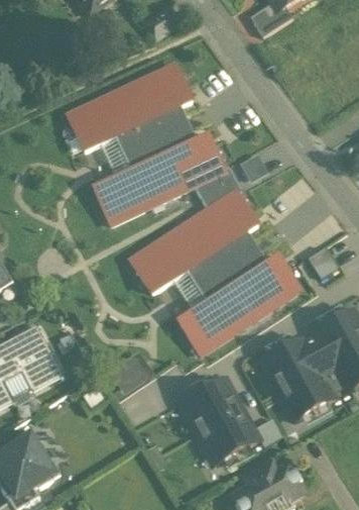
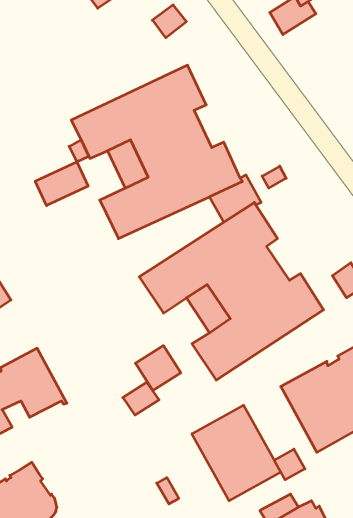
building: none -> [35,162,88,206]
building: none -> [135,346,181,391]

